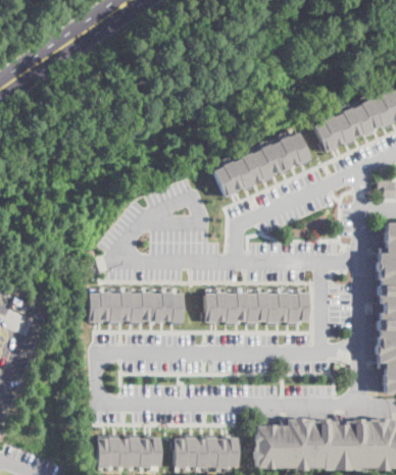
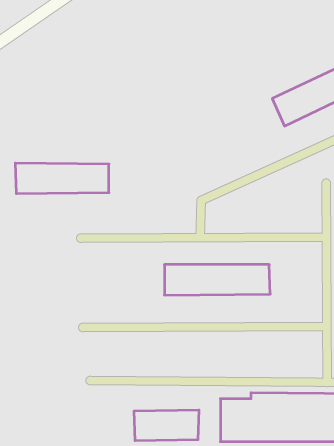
building: [210,133,309,198] -> none
building: [88,292,182,322] -> [15,163,109,194]
building: [94,437,160,467] -> none

